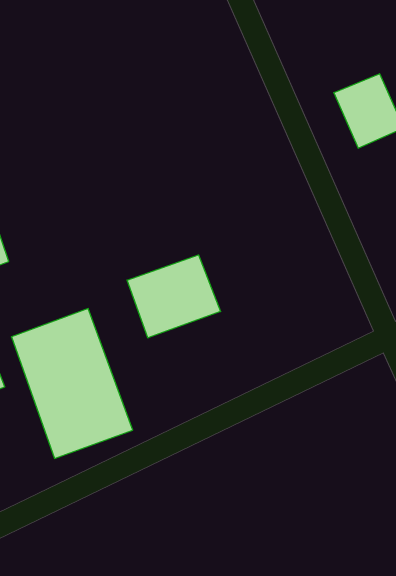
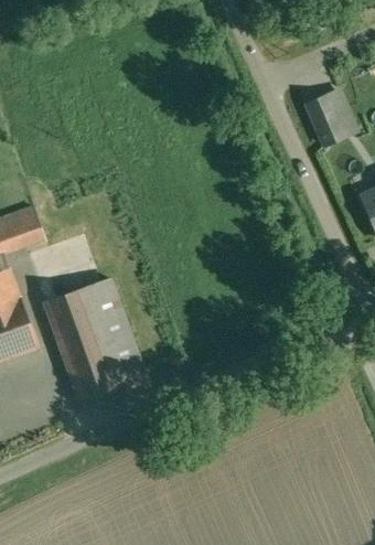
building: [127,255,221,338] -> none

